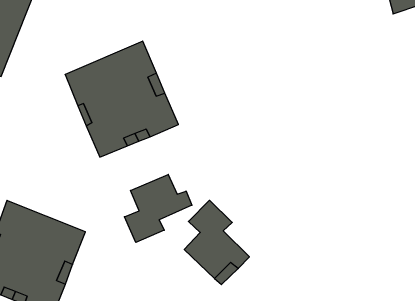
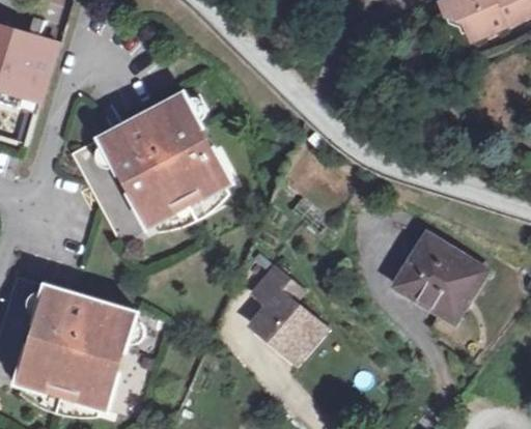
building: [124,174,192,242] -> none
building: none -> [395,234,483,345]

